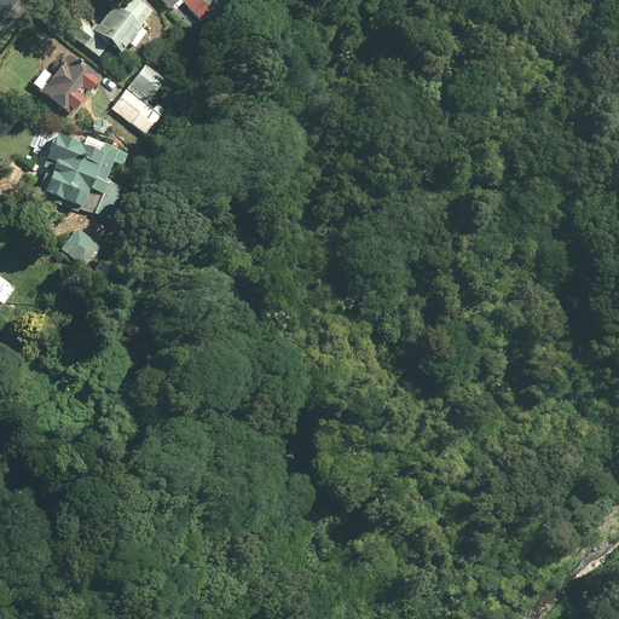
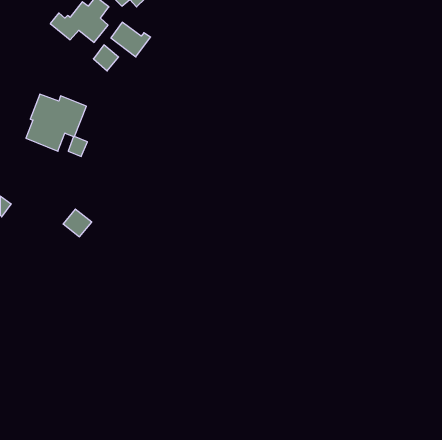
building: [31,53,102,116] -> none
building: [111,86,167,134] -> [111,22,151,57]
building: [60,226,100,265] -> [63,209,92,237]

